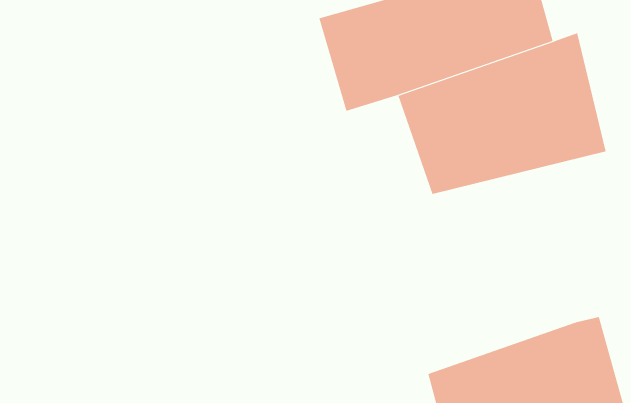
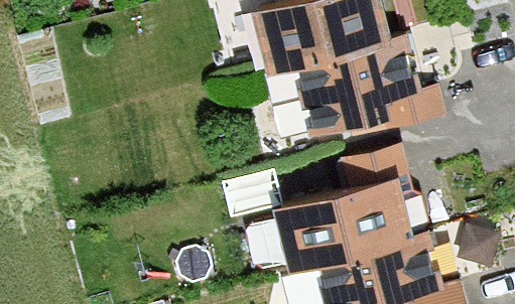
building: none -> [277,175,422,278]

